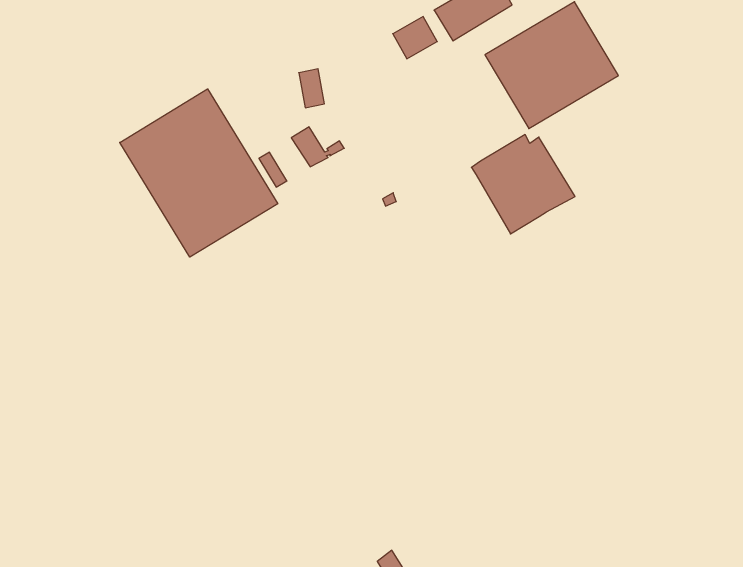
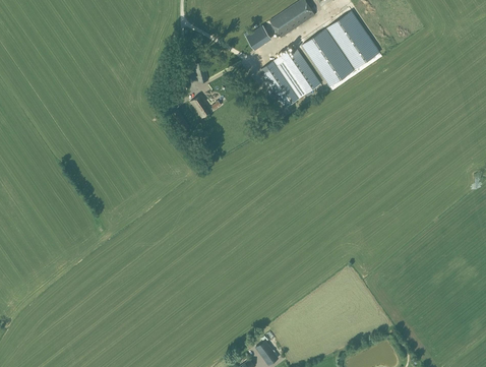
building: [120,89,278,257] -> none
building: [471,135,575,234] -> [258,49,320,108]

